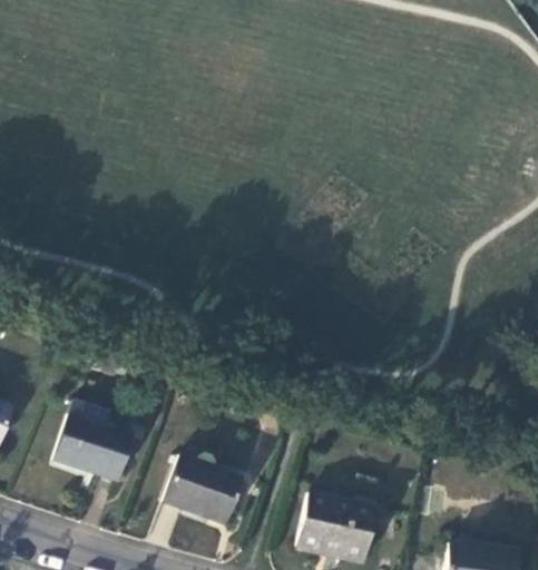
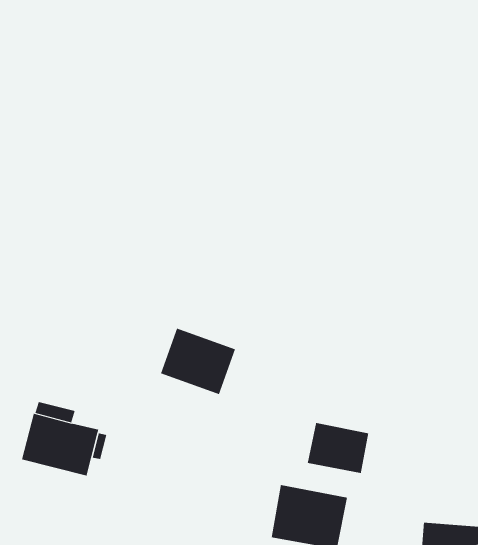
building: none -> [307,422,369,474]
building: [166,453,243,522] -> [160,328,236,395]

